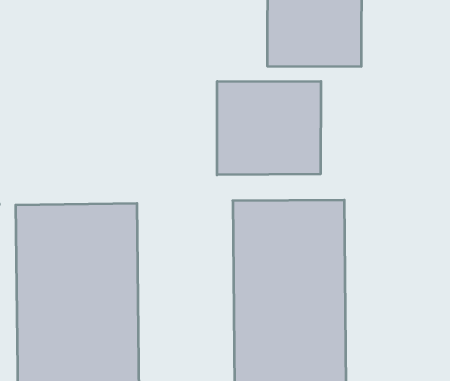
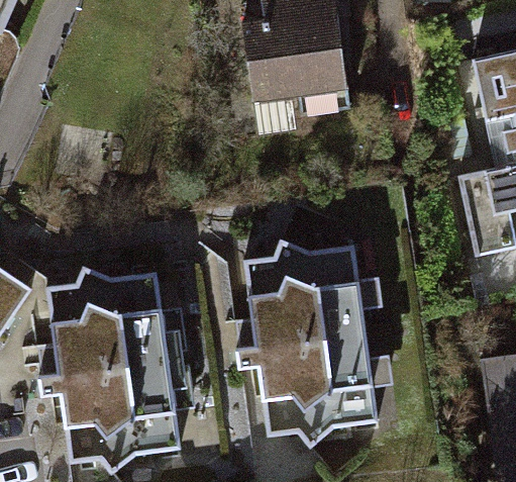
building: [217,81,321,175] -> none

